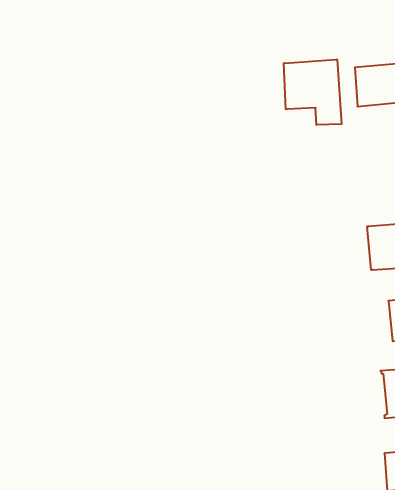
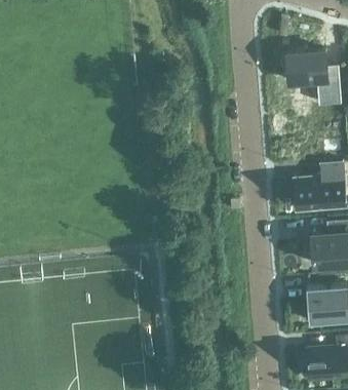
building: [284,59,342,125] -> none

